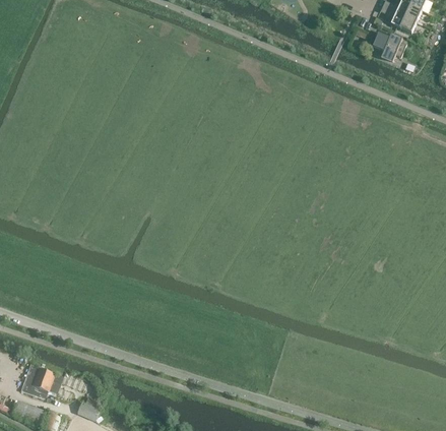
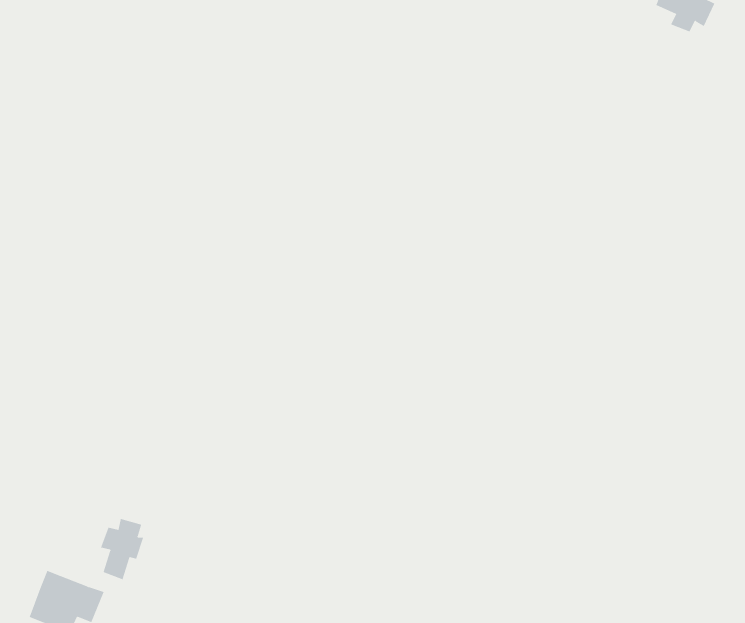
building: none -> [100,518,144,580]

